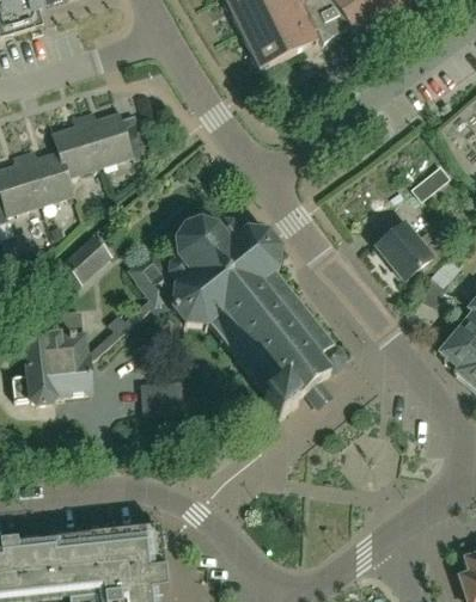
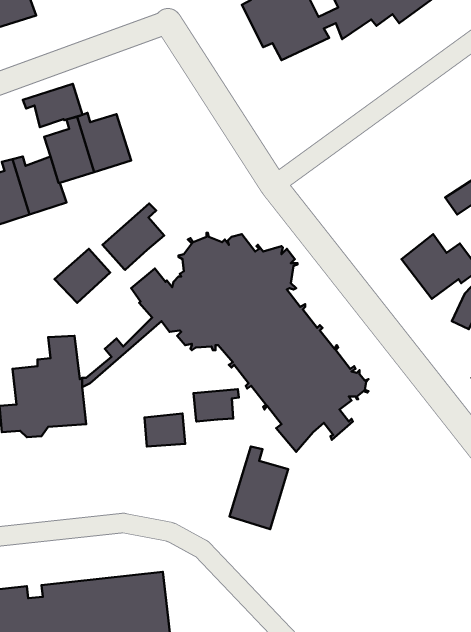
building: none -> [23,84,82,127]
building: none -> [102,203,164,270]
building: none -> [194,389,239,422]
building: none -> [230,446,288,529]

